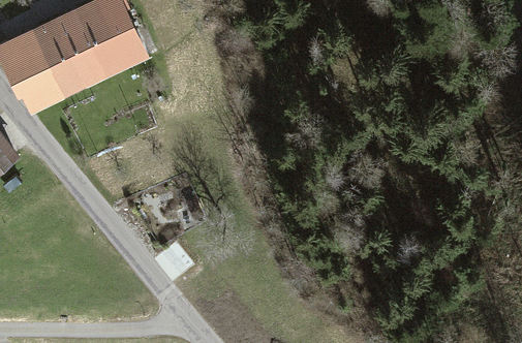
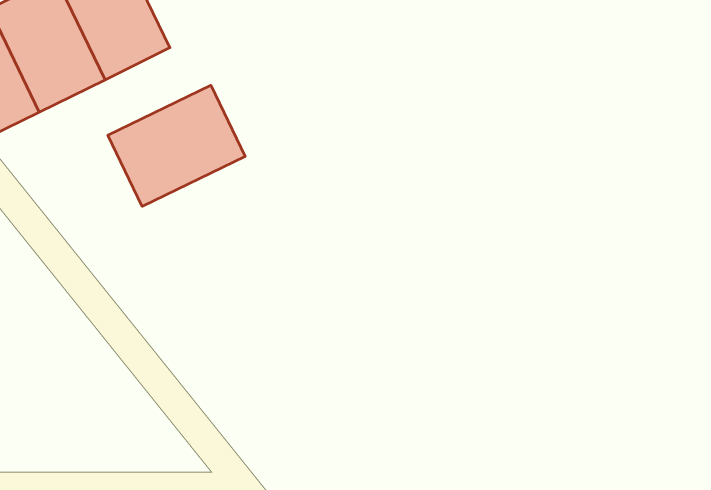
building: none -> [108,85,245,206]

